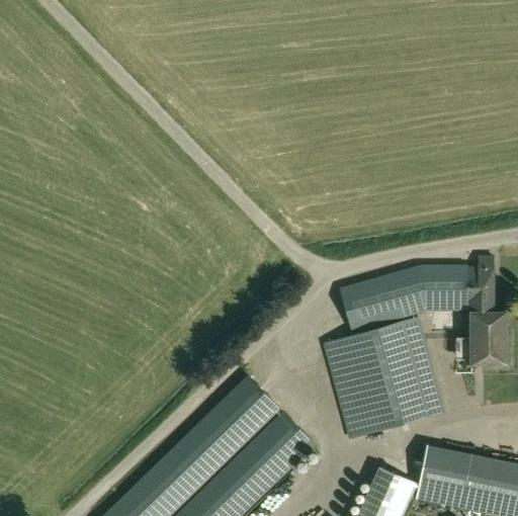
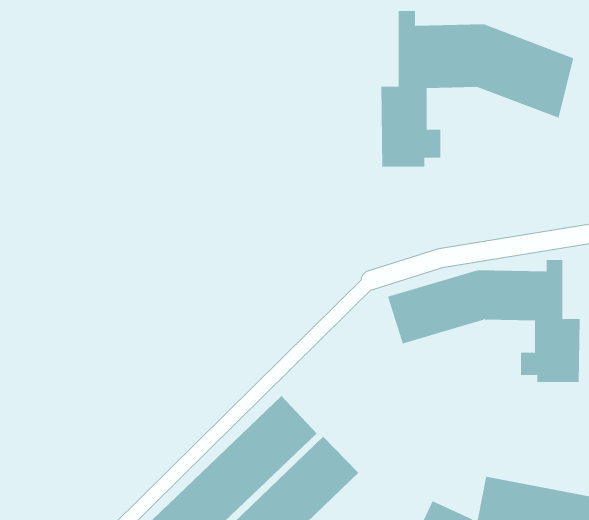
building: none -> [381,10,574,167]
building: [323,316,448,438] -> none

